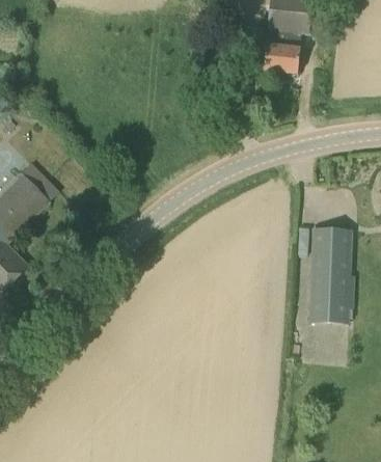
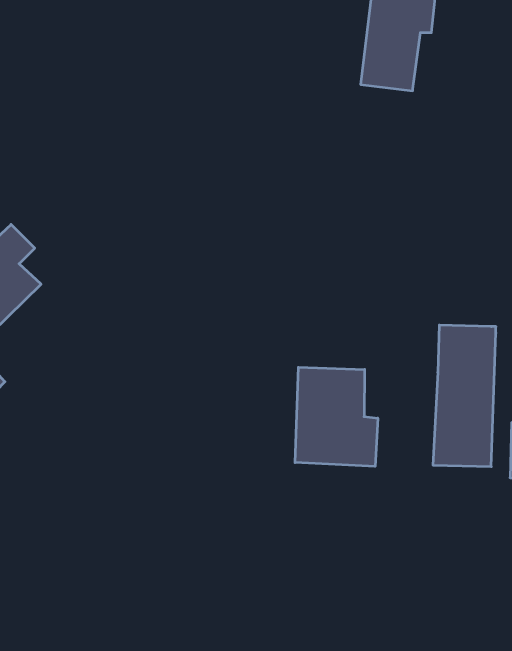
building: none -> [295,367,378,466]

